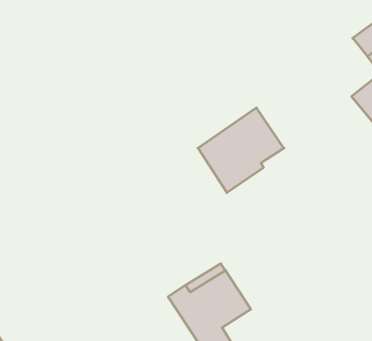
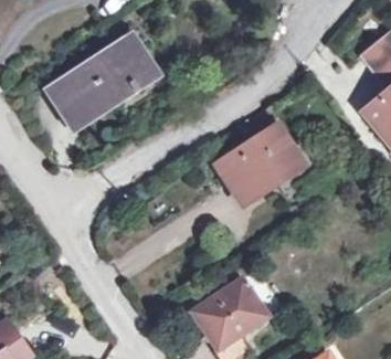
building: none -> [50,36,156,126]

